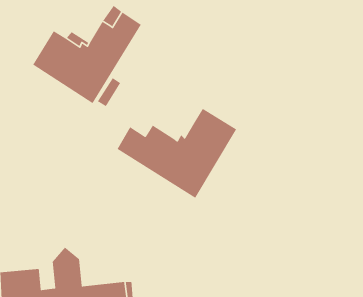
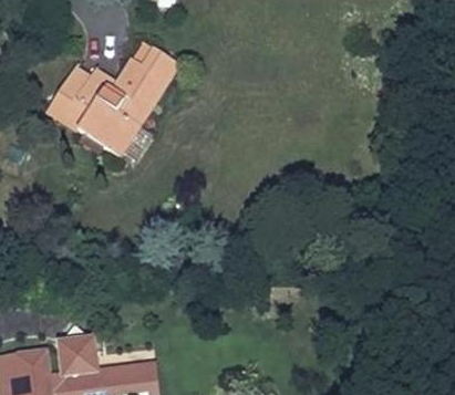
building: [117,108,237,199] -> none

